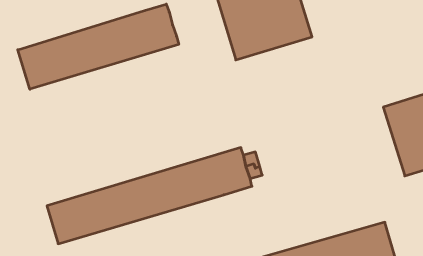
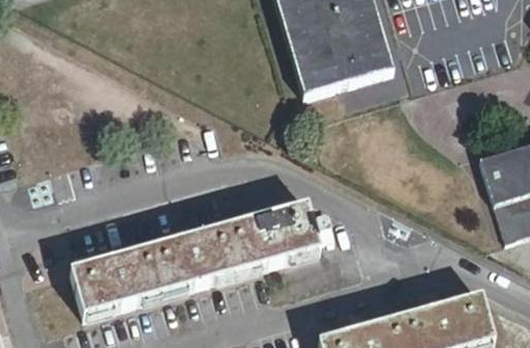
building: [18,4,179,89] -> none

